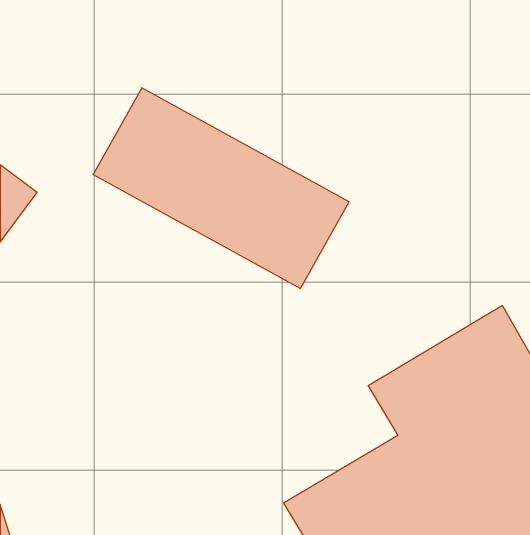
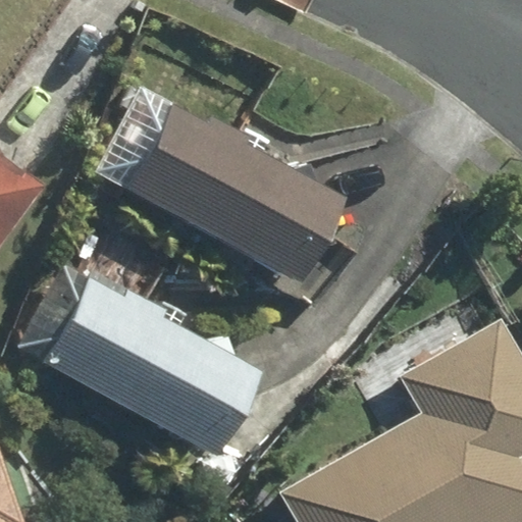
building: none -> [48,279,267,457]

